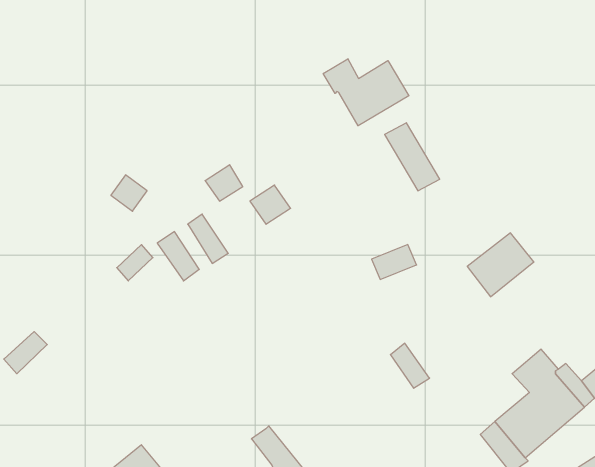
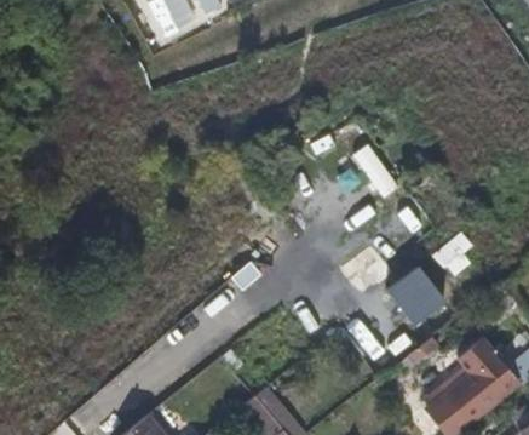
building: [323,59,409,126] -> none
building: none -> [387,267,445,326]

